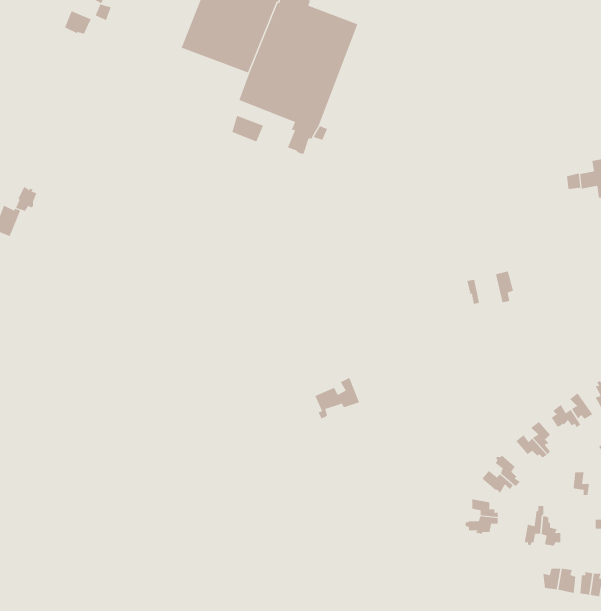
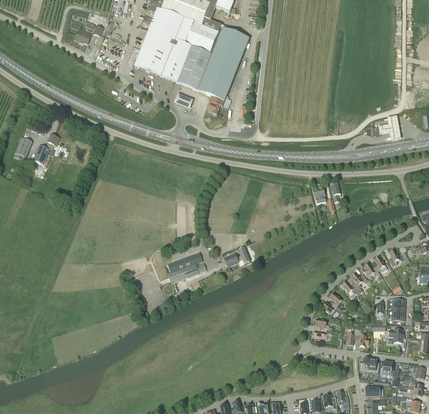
building: none -> [138,51,184,82]
building: none -> [168,251,206,282]

